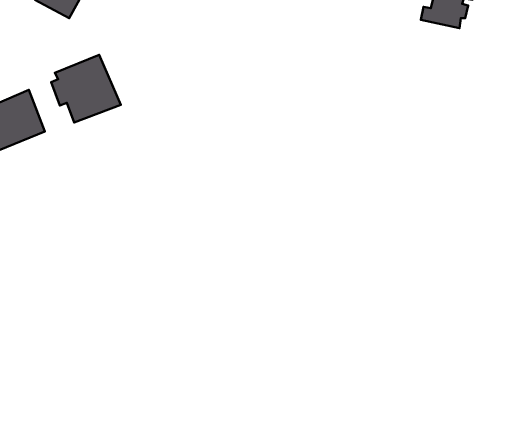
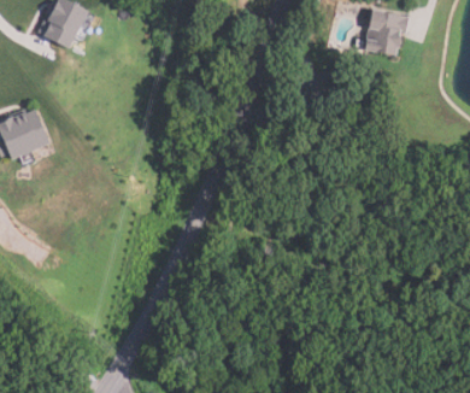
building: [51,55,121,123] -> none

